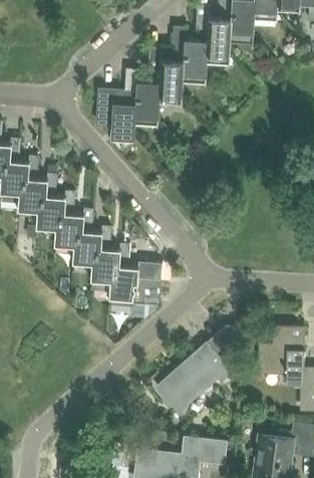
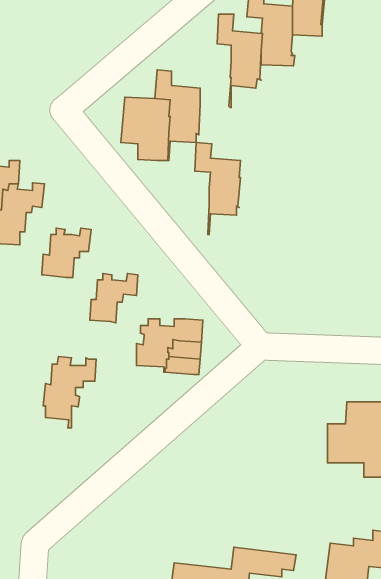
building: [147,48,183,120] -> [195,142,240,235]
building: [18,174,55,213] -> none
building: [54,209,92,247] -> none
building: [87,243,128,298] -> [43,356,96,428]
building: [154,328,240,411] -> none

